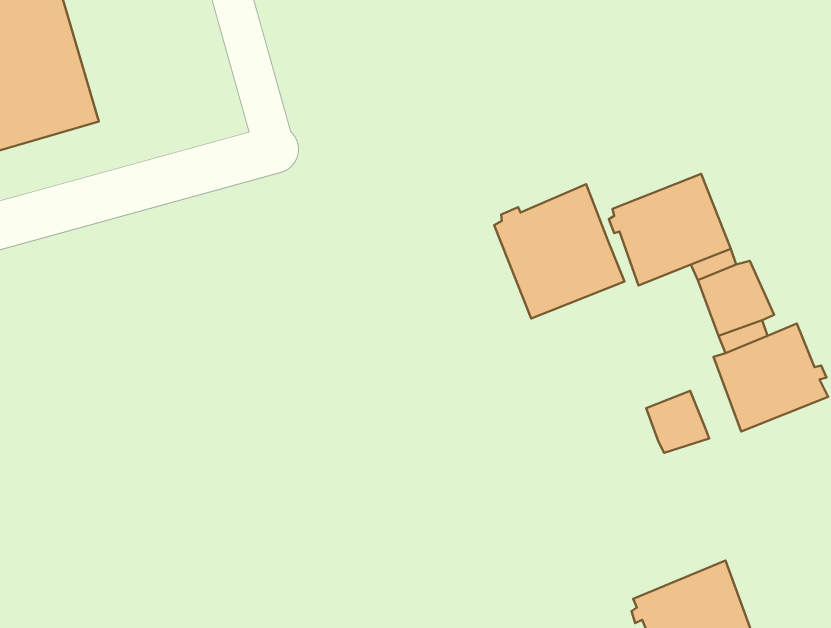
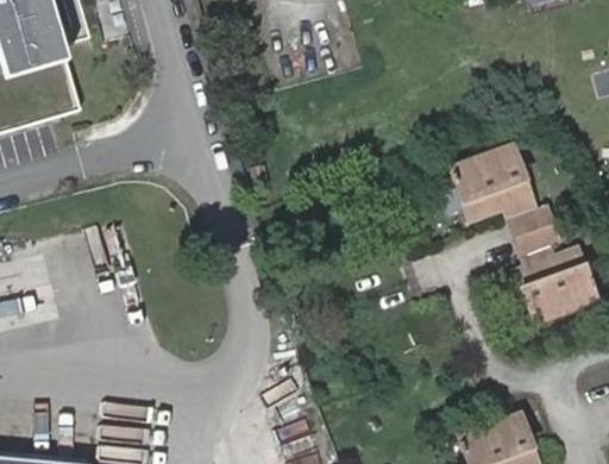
building: [494,184,624,318] -> none
building: [646,391,709,453] -> none

